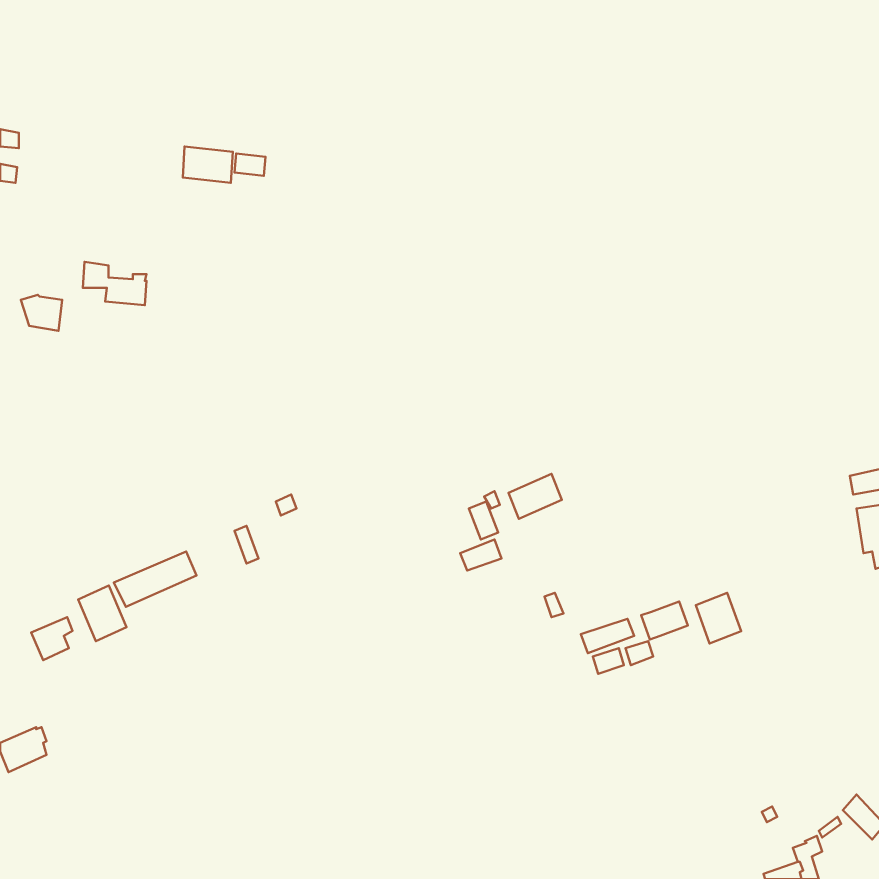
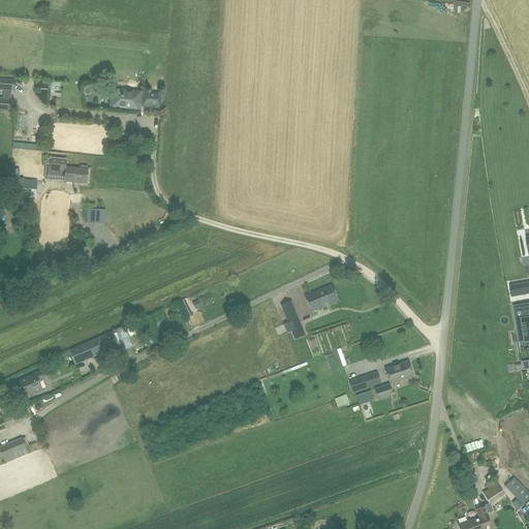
building: [78,585,127,641] -> none
building: [696,593,741,644] -> none

